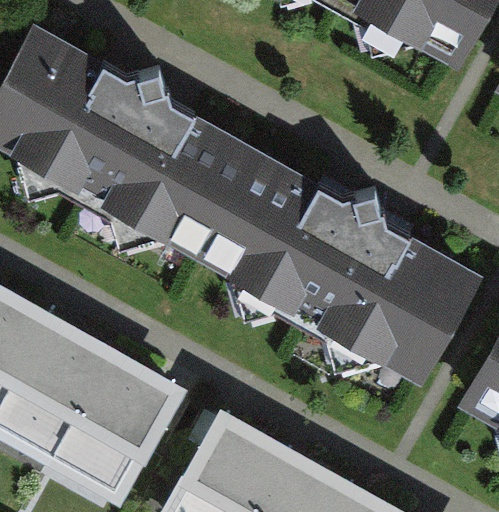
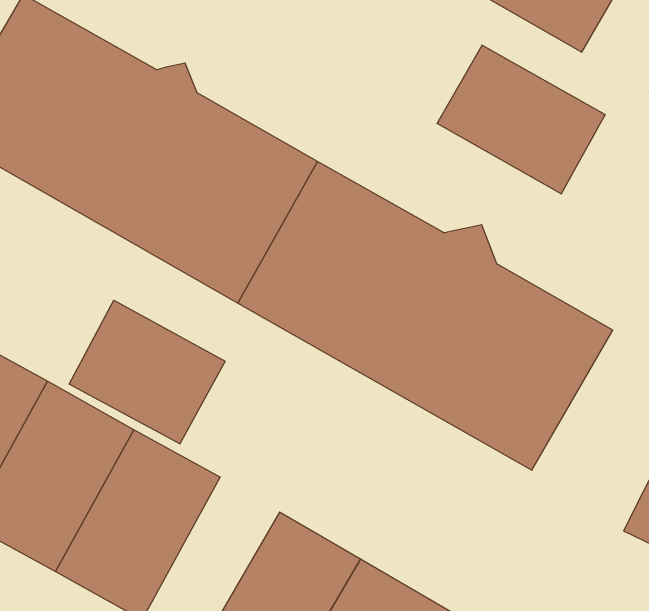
building: none -> [437,45,605,194]
building: none -> [69,300,225,444]

